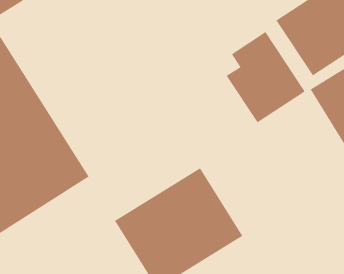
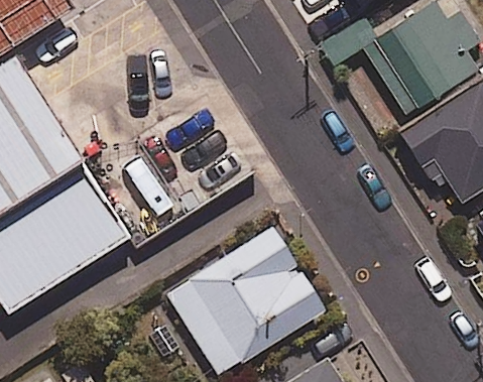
building: [226,31,305,123] -> none

